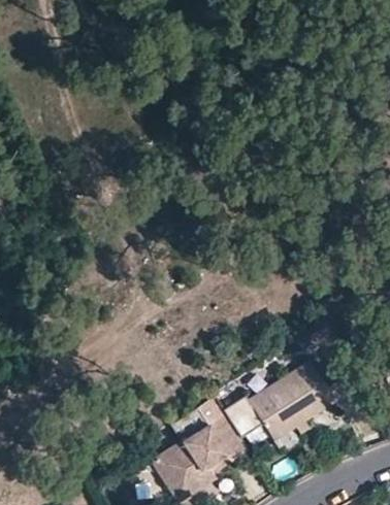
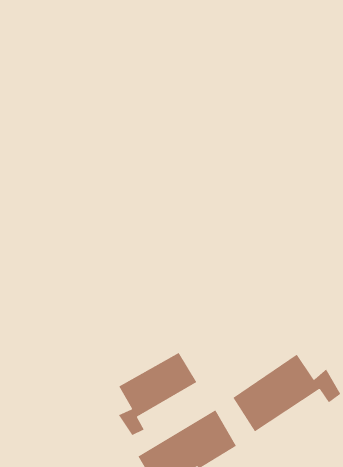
building: none -> [118,352,197,436]

